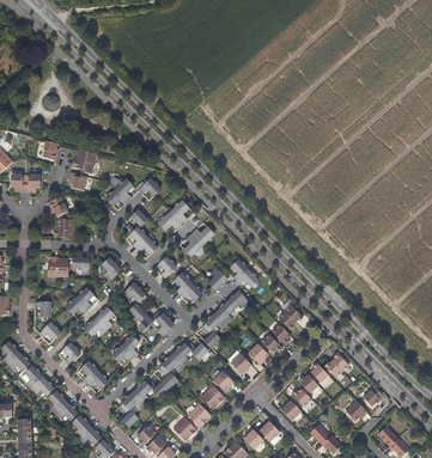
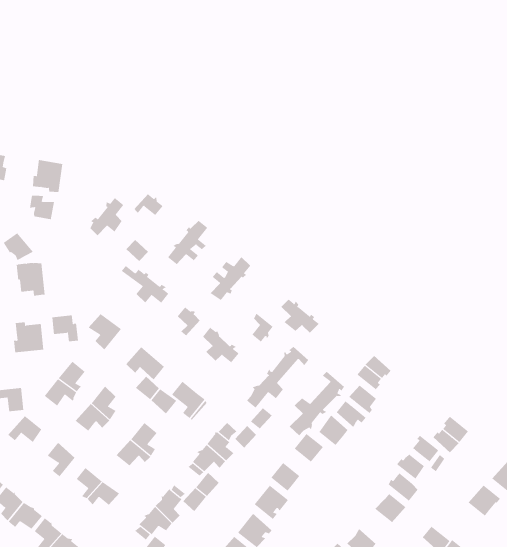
building: none -> [289,371,345,436]

